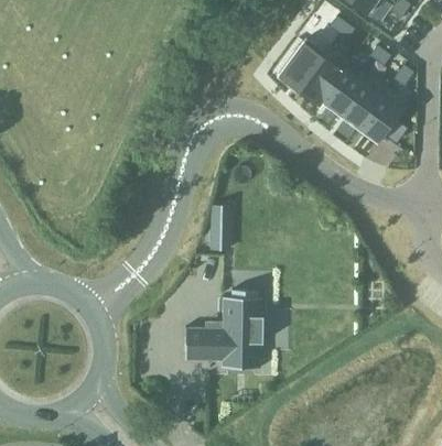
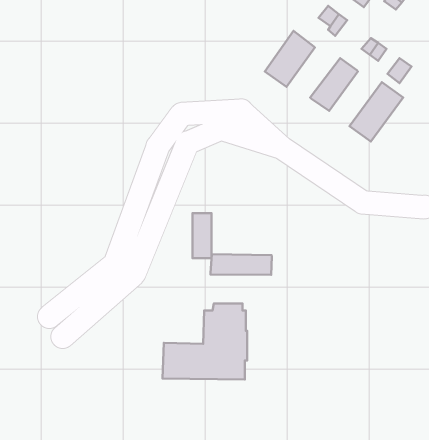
building: [299,50,348,106] -> none
building: [338,73,387,128] -> none
building: none -> [210,254,272,275]

